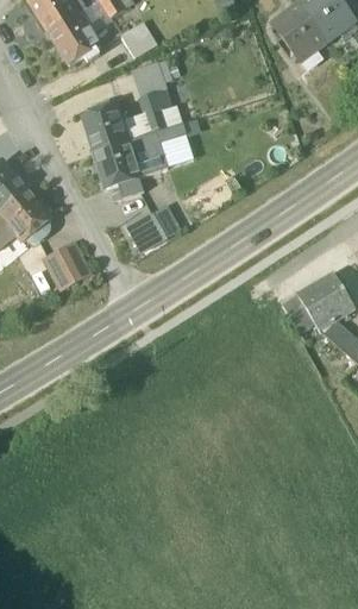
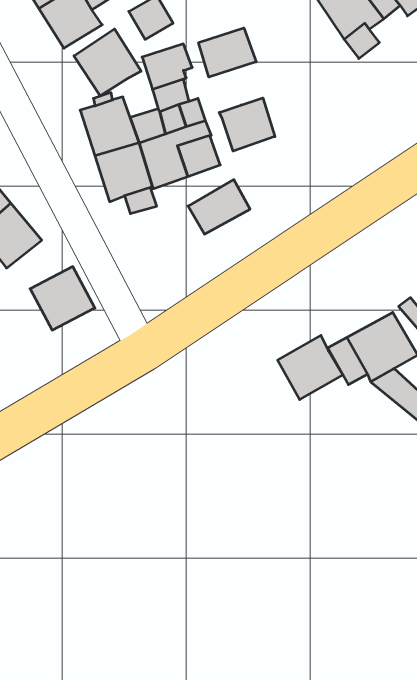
building: none -> [199,28,256,77]
building: none -> [74,29,141,96]
building: none -> [219,98,275,151]
building: [128,205,178,249] -> [188,180,250,234]
building: none -> [278,335,343,400]

